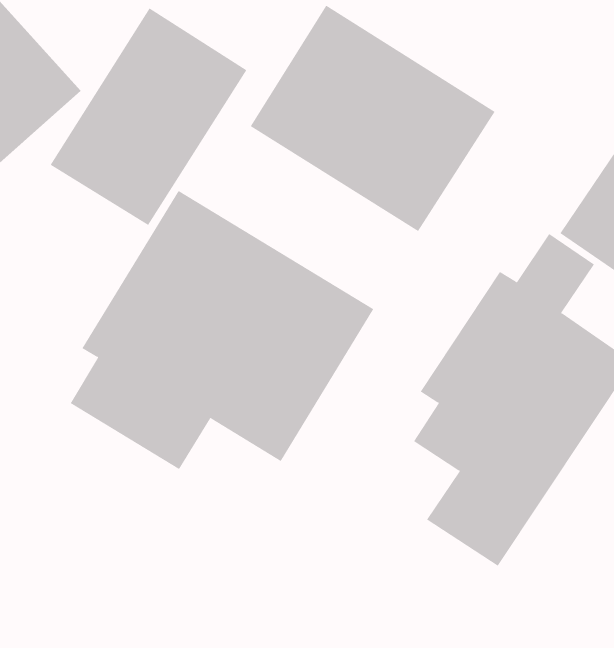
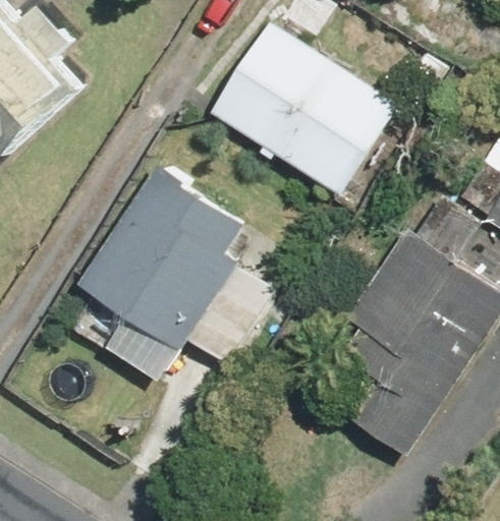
building: [50,7,247,226] -> none

